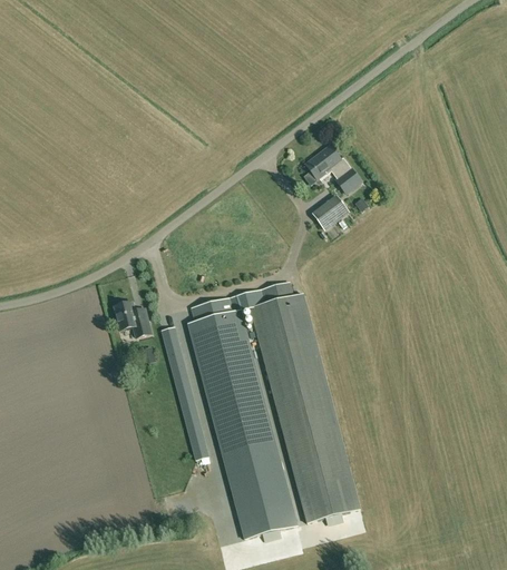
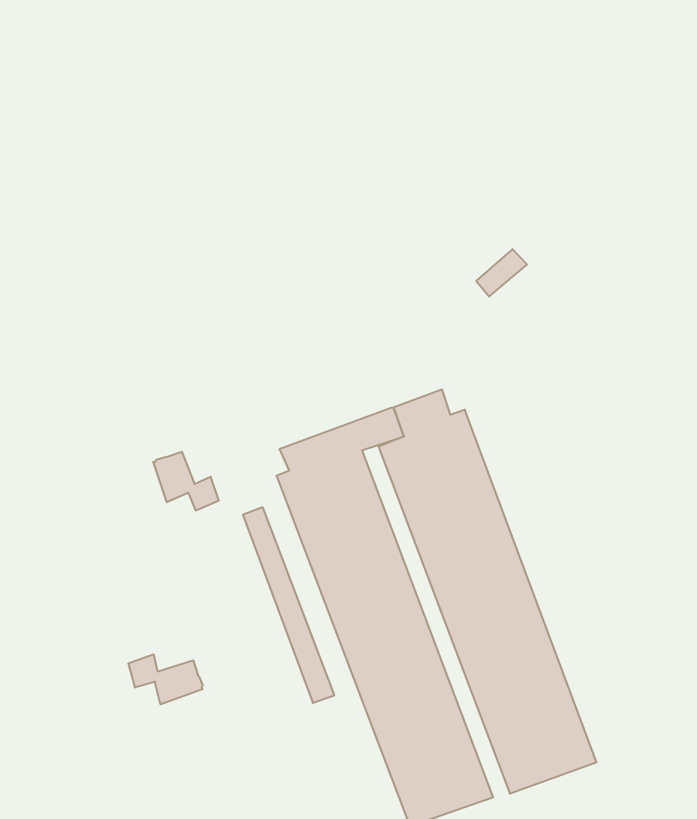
building: [305,144,361,193] -> none
building: none -> [128,654,203,704]

